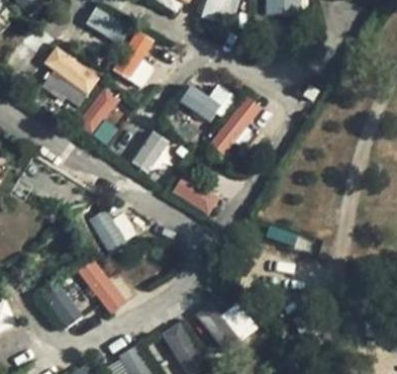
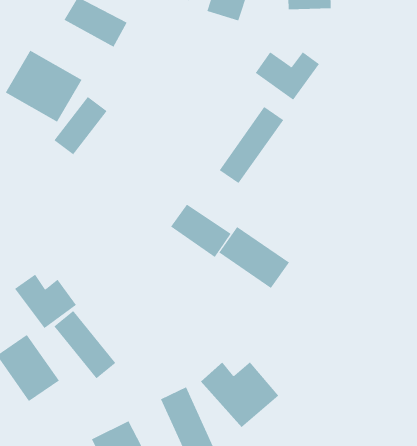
building: [112,28,156,87] -> none
building: [179,84,231,123] -> [255,52,320,100]
building: [131,130,171,175] -> none
building: none -> [218,226,290,289]
building: [86,208,136,253] -> [14,274,77,329]

